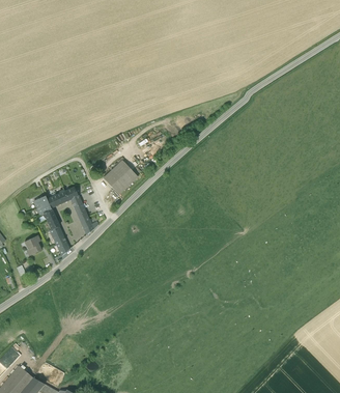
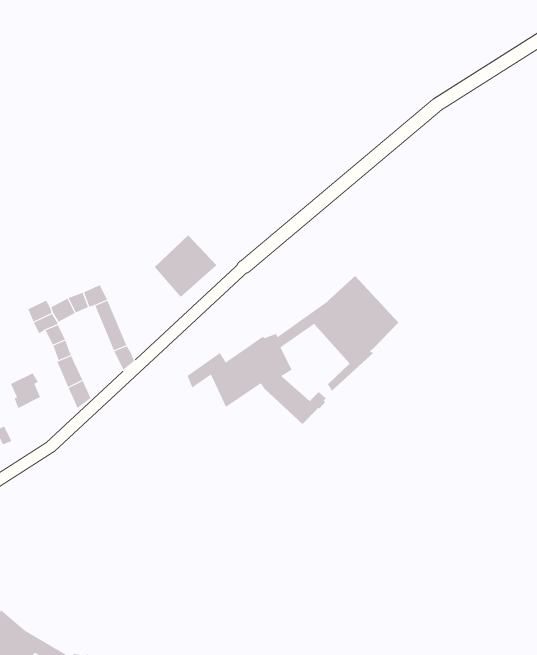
building: none -> [187,275,399,425]

